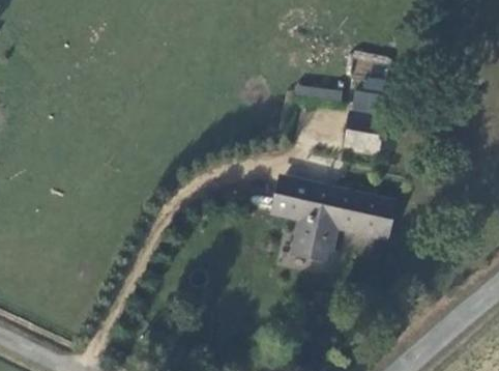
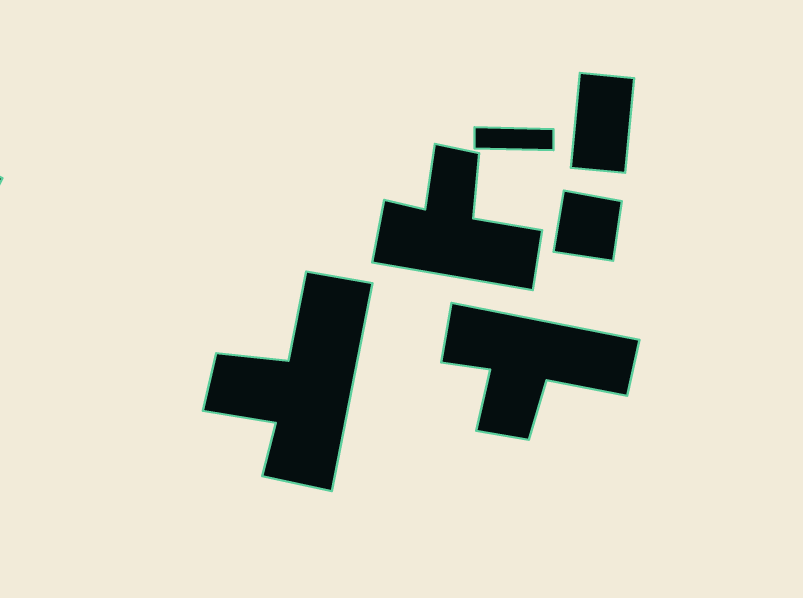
building: none -> [372,144,542,290]
building: none -> [203,272,373,491]

